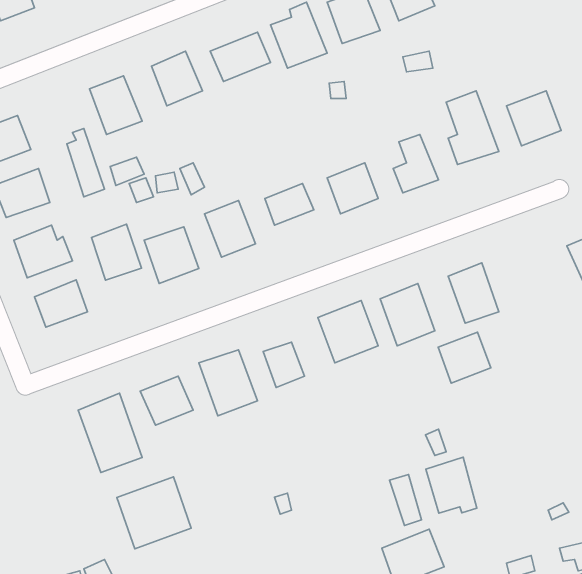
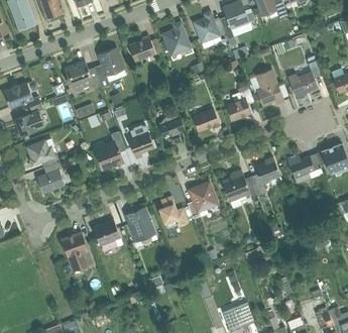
building: [91,224,142,280] -> none
building: [438,332,491,383] -> [287,151,316,179]
building: [426,457,477,513] -> none
building: [117,477,191,549] -> none

